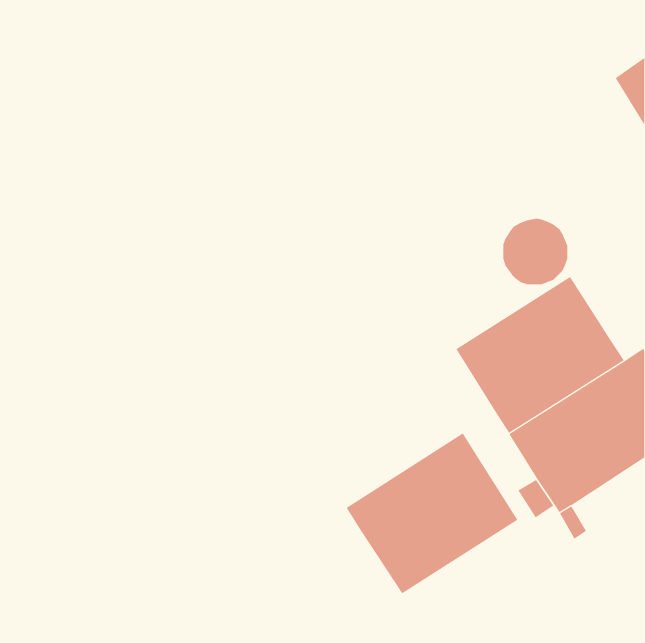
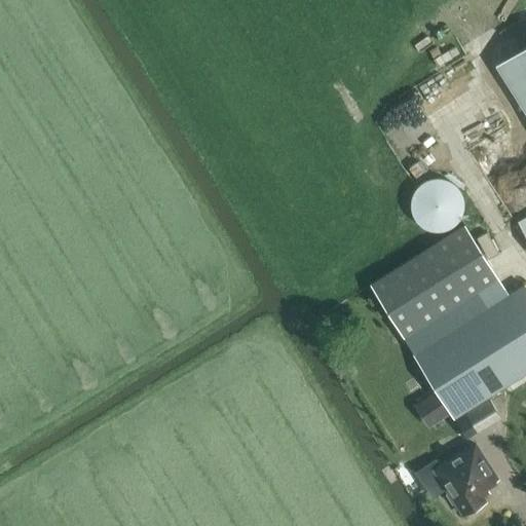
building: [346,432,518,594] -> none
building: none -> [417,444,498,516]

